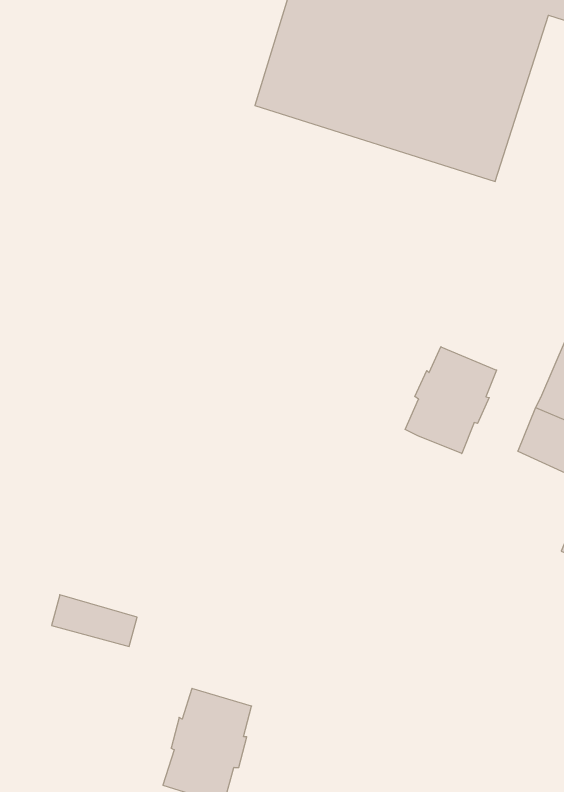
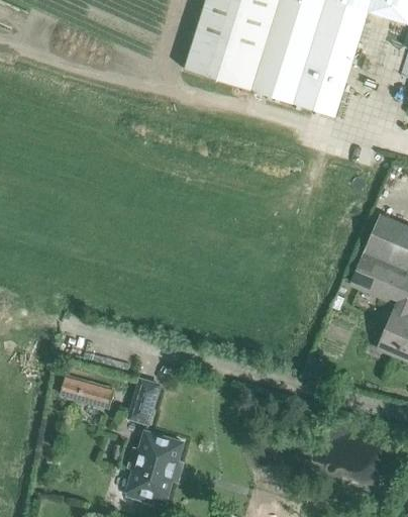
building: [405,347,497,454] -> none
building: none -> [129,381,160,425]

